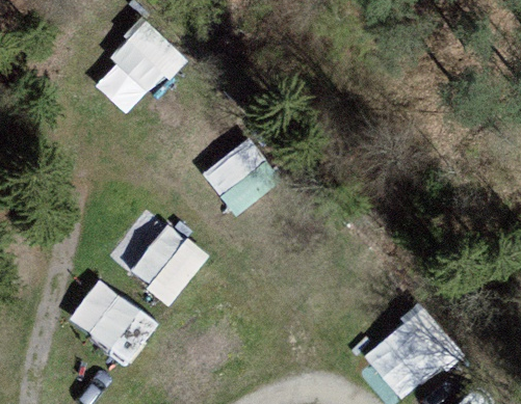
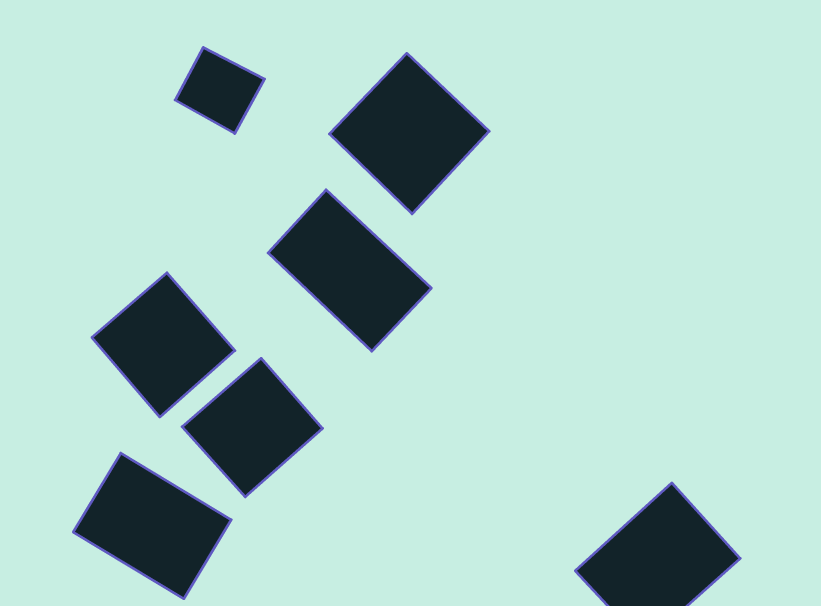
building: none -> [329,53,489,214]
building: none -> [92,273,235,417]

